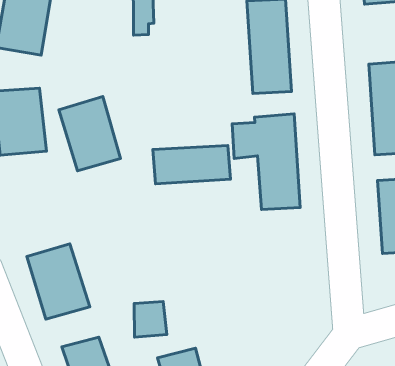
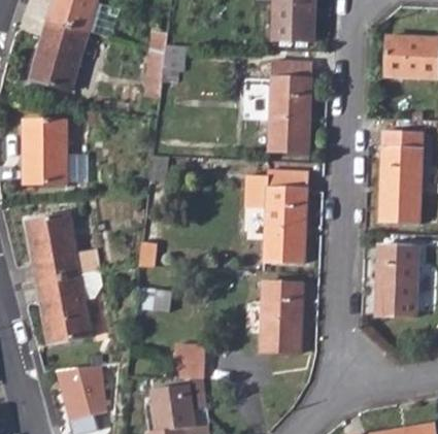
building: [59,96,121,171] -> [26,212,79,280]
building: [153,146,230,184] -> none
building: none -> [262,281,302,353]
building: [134,301,167,337] -> [172,347,203,380]

